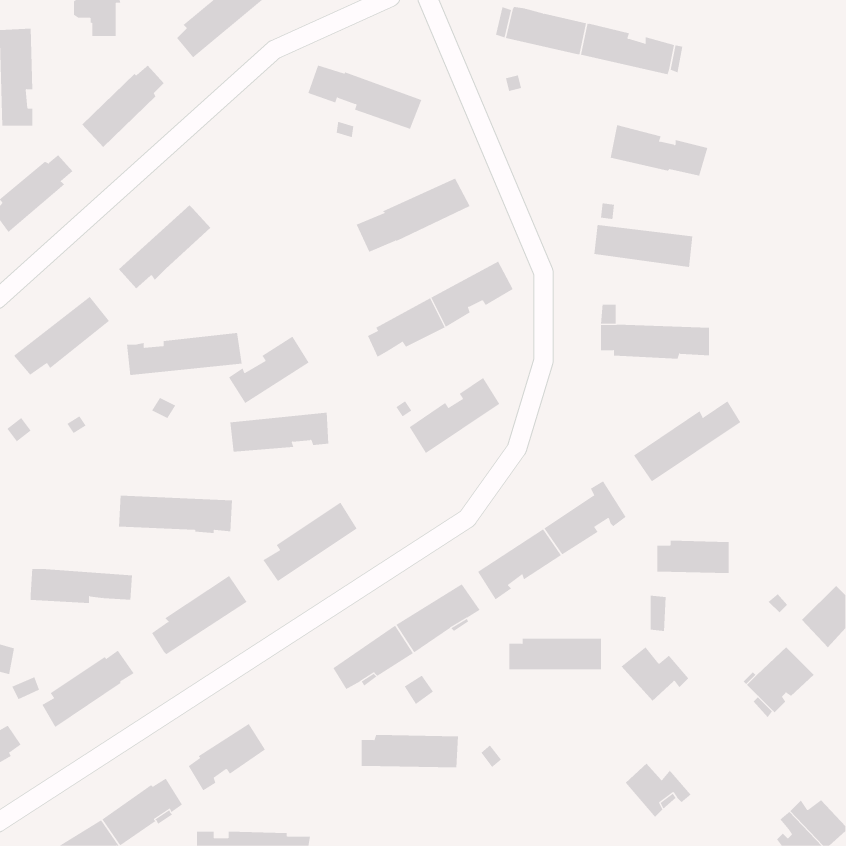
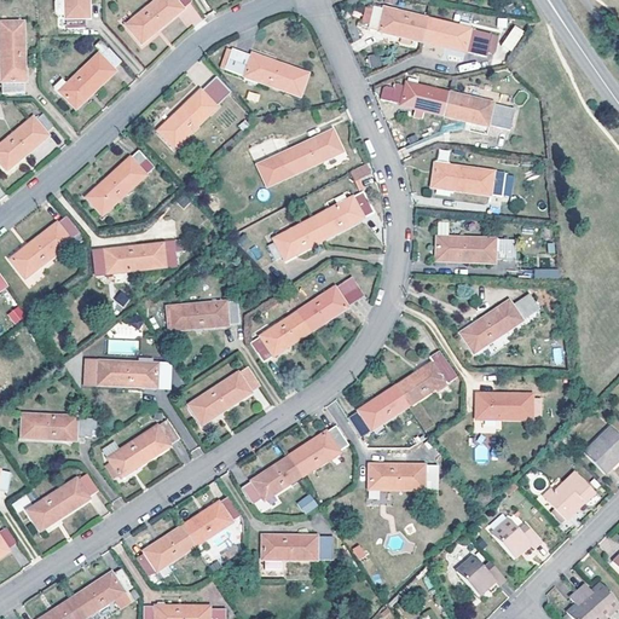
building: none -> [157,75,231,144]
building: none -> [380,83,449,115]
building: [228,336,310,404] -> [250,311,310,360]
building: [621,647,689,701] -> [488,517,538,557]
building: none -> [181,494,242,545]

